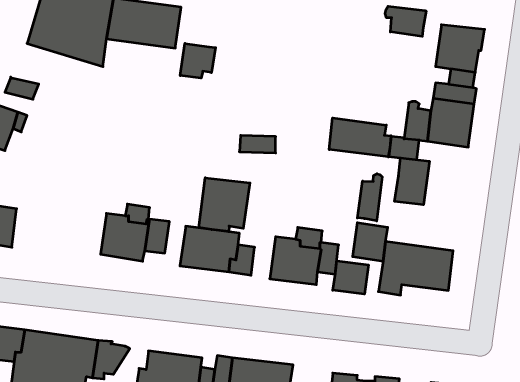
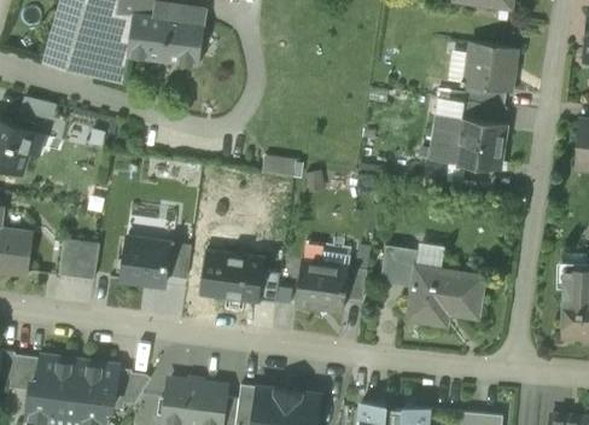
building: [385,6,426,36] -> none
building: [180,43,216,78] -> none
building: [329,118,391,157] -> none
building: [395,158,429,205] -> none
building: [357,174,382,221] -> none
building: [199,178,250,232] -> none
building: none -> [59,238,98,278]
building: [333,261,368,294] -> none

